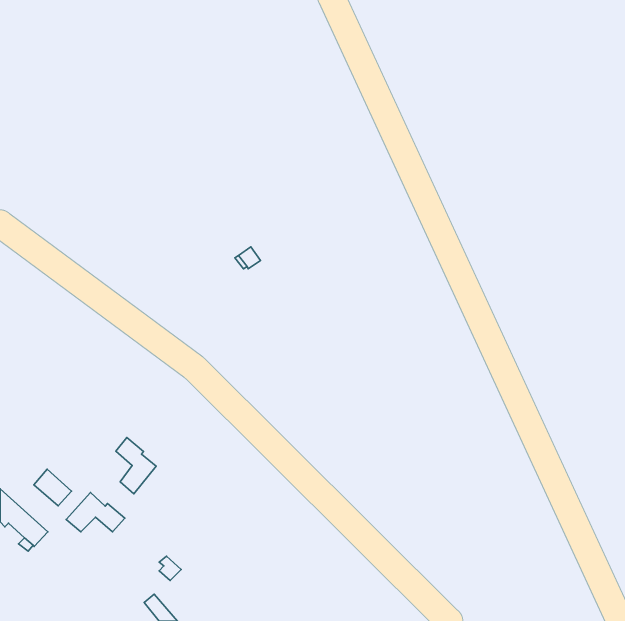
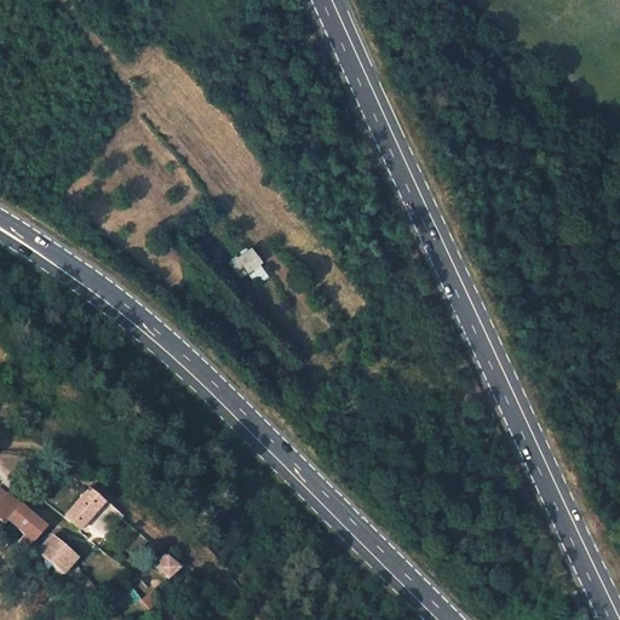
building: [116,437,156,494] -> none
building: [34,469,72,506] -> [39,535,76,572]

